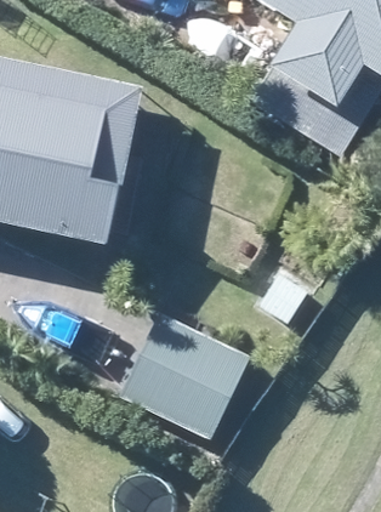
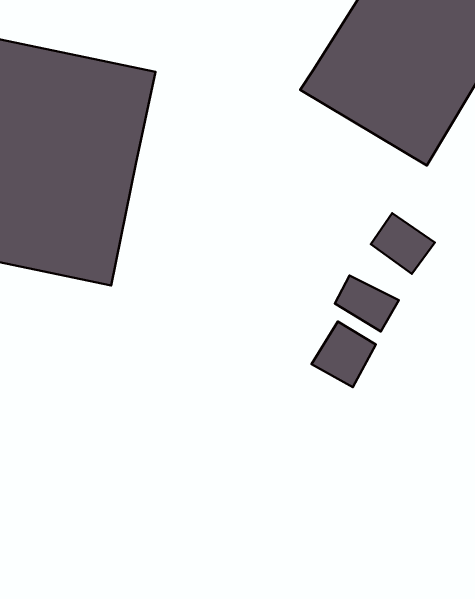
building: [116,309,245,434] -> none

